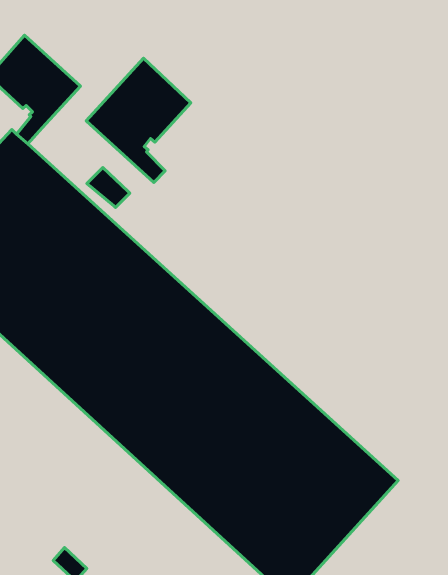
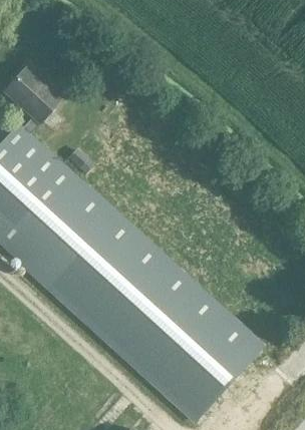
building: [86,58,191,183] -> none

